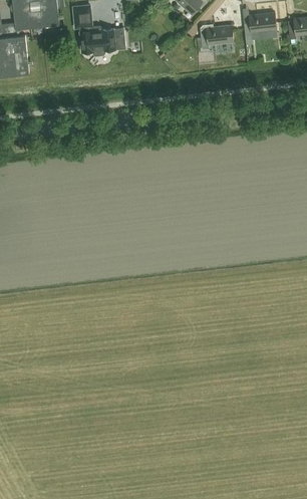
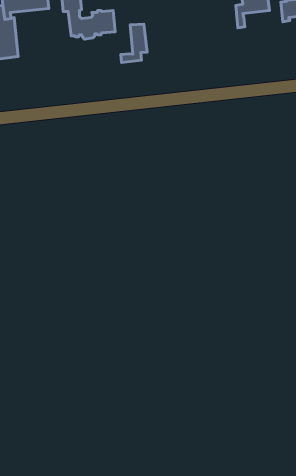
building: [201,24,233,48] -> none
building: none -> [121,24,147,62]

